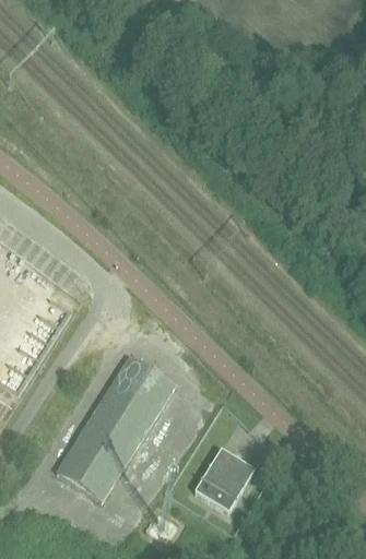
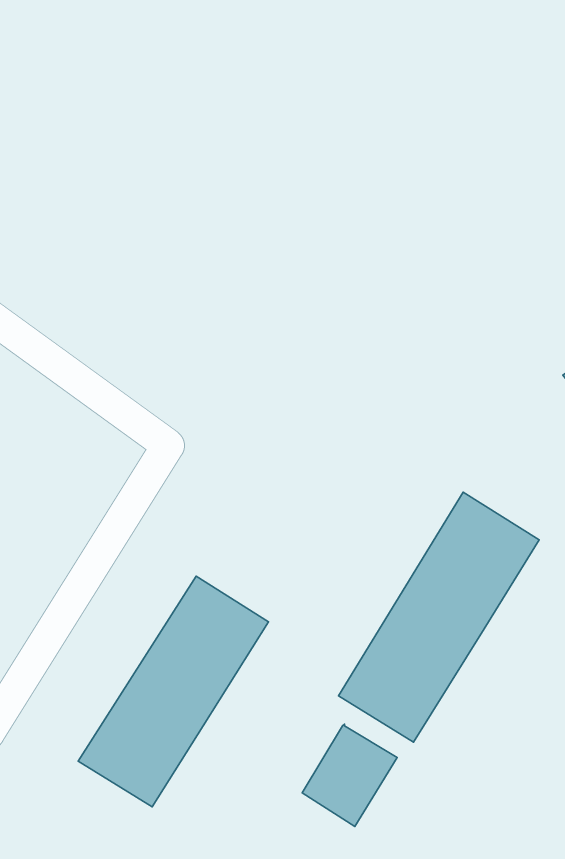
building: none -> [339,492,539,742]

